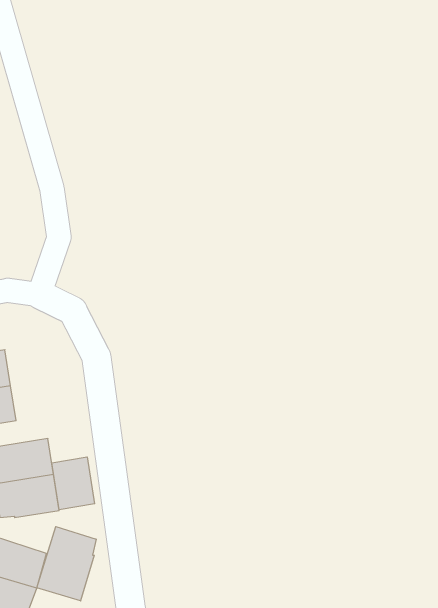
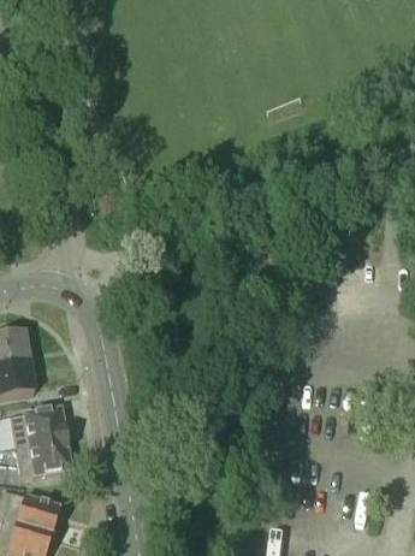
building: [52,457,95,510] -> none
building: [37,527,96,601] -> none

